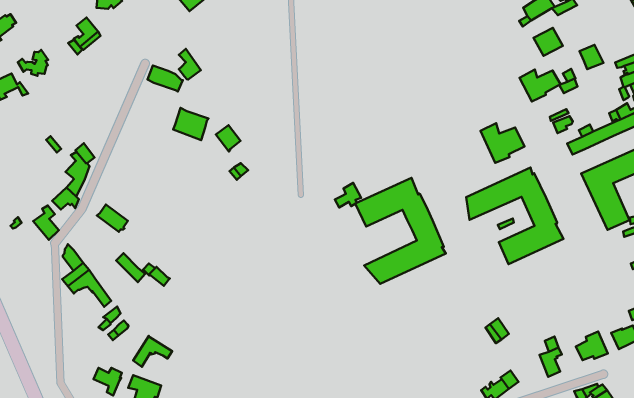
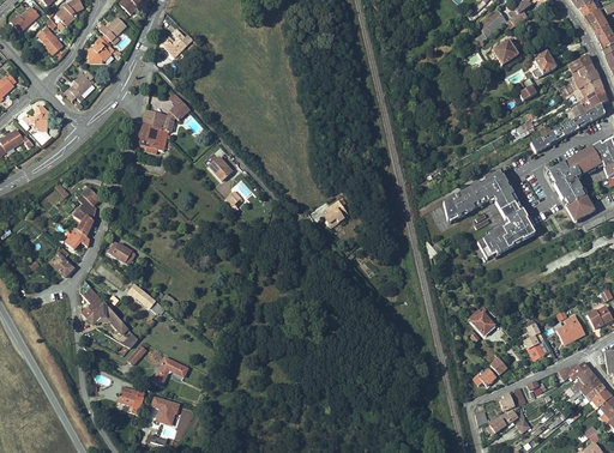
building: [520,69,561,101] -> none
building: [173,108,208,140] -> [137,122,168,150]
building: [481,123,524,163] -> none
building: [355,178,446,284] -> none

